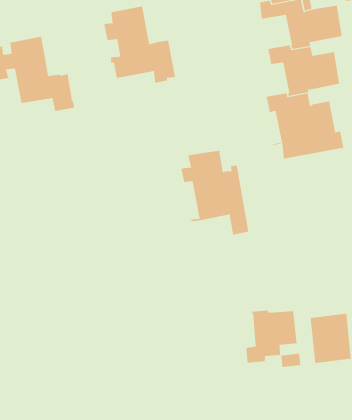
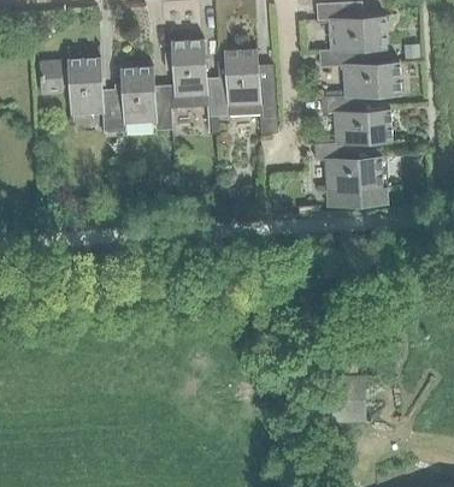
building: none -> [113,65,170,130]
building: [181,150,249,235] -> [216,49,276,135]
building: [246,296,297,363] -> none

